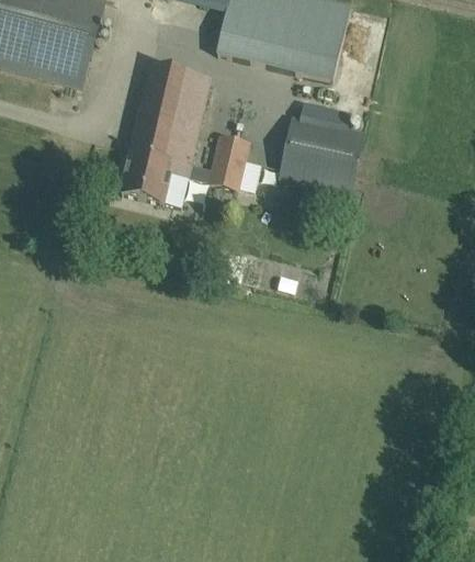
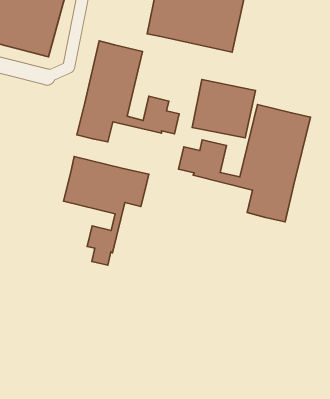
building: none -> [179,104,310,222]
building: none -> [64,156,149,265]

